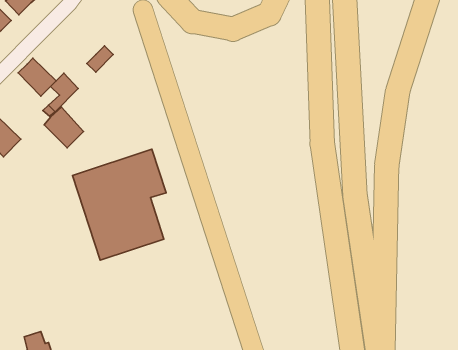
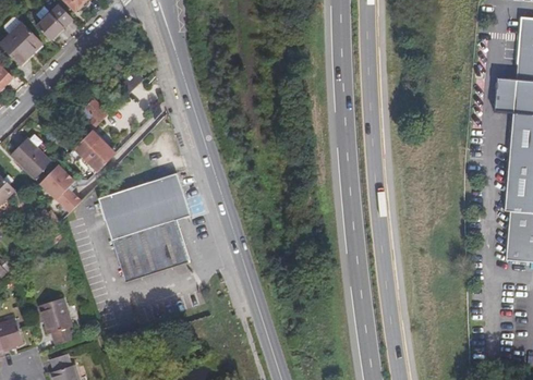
building: [18,58,56,96] -> none
building: none -> [40,166,80,211]
building: none -> [41,297,75,344]

